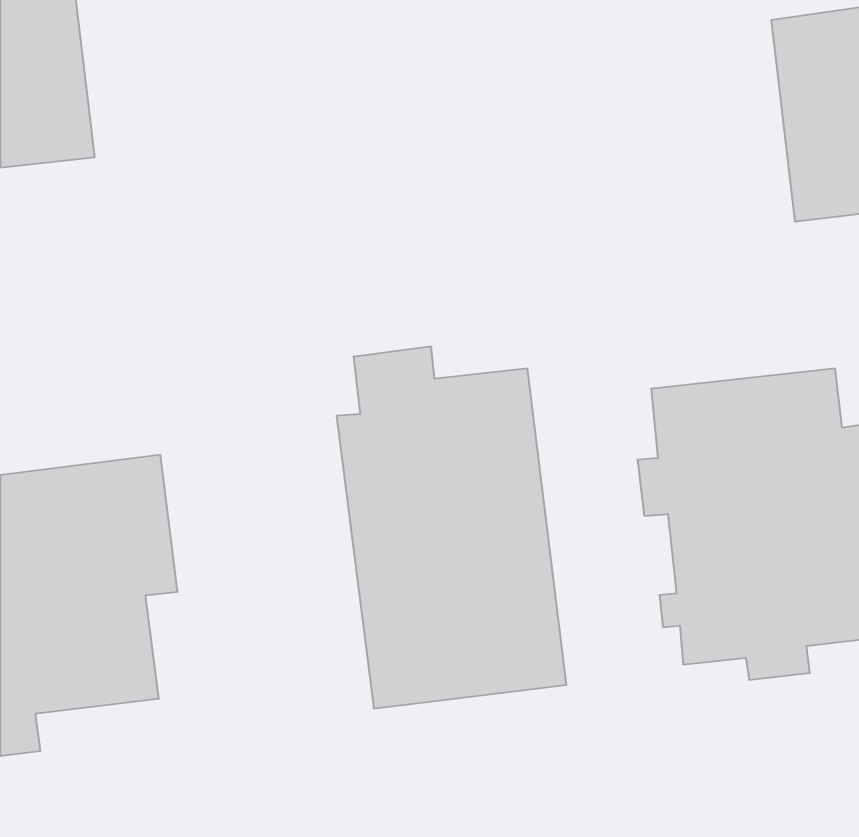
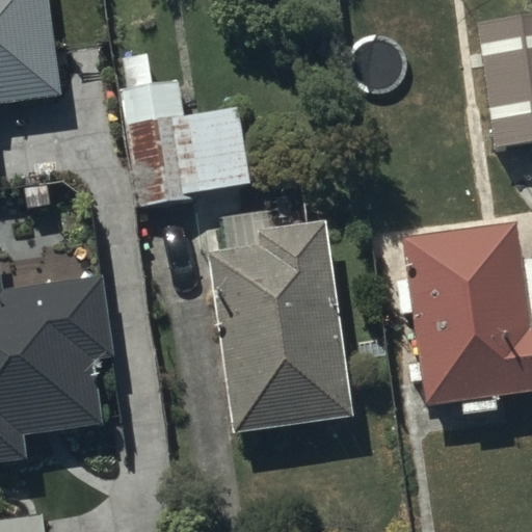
building: none -> [118,51,250,205]

